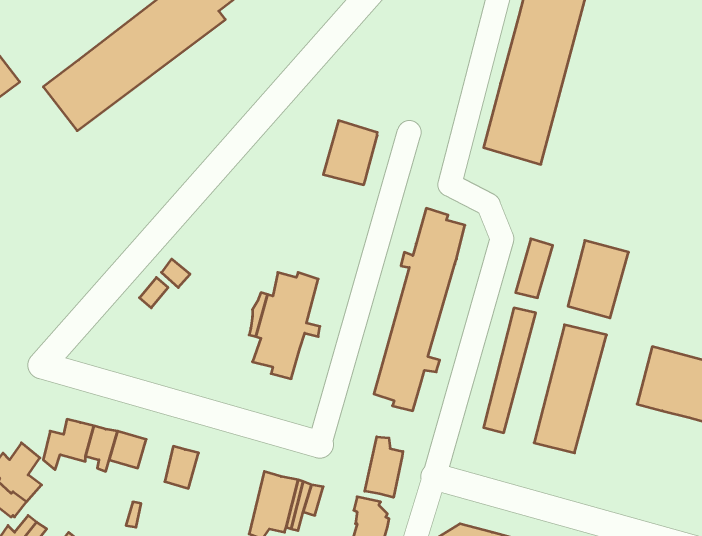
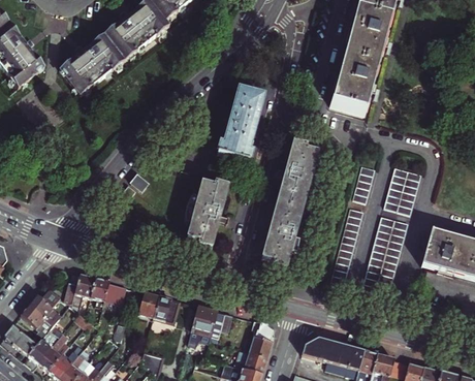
building: none -> [219,123,257,163]
building: [365,437,403,497] -> none
building: none -> [150,293,179,322]

